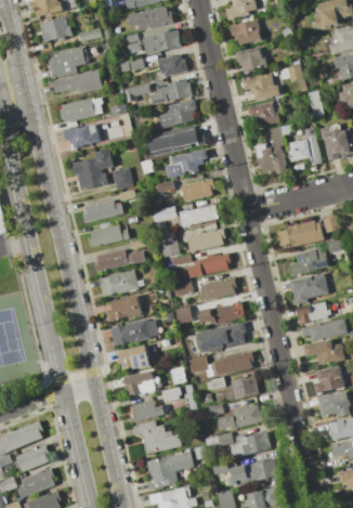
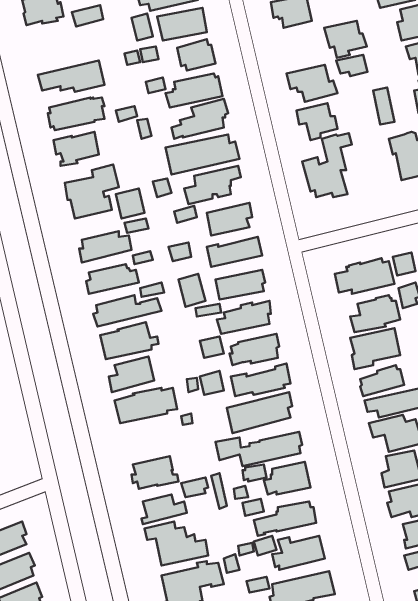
building: [47,47,88,78] -> none
building: [235,47,267,75] -> [324,21,367,58]
building: [289,138,322,166] -> none
building: [118,346,151,369] -> none

